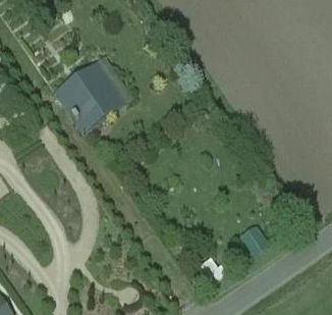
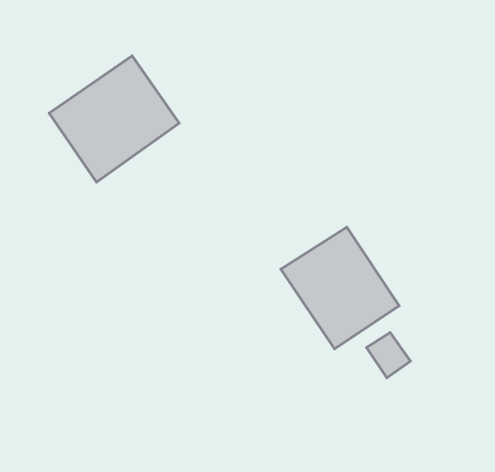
building: none -> [281,227,399,349]

